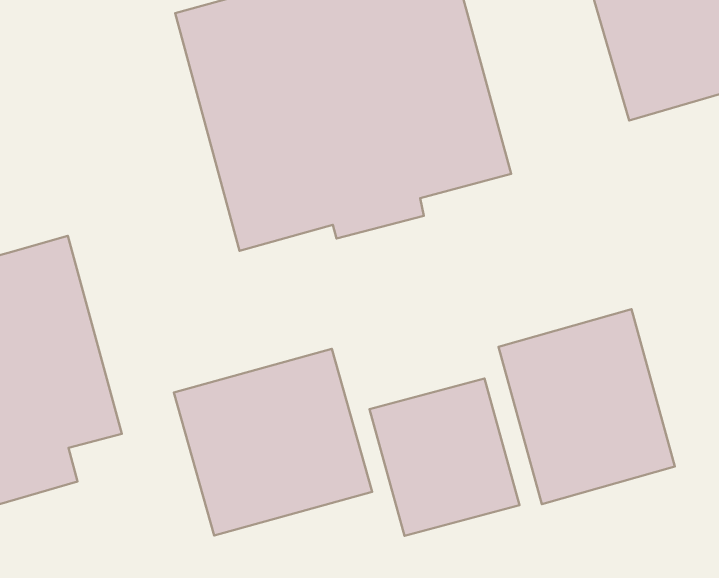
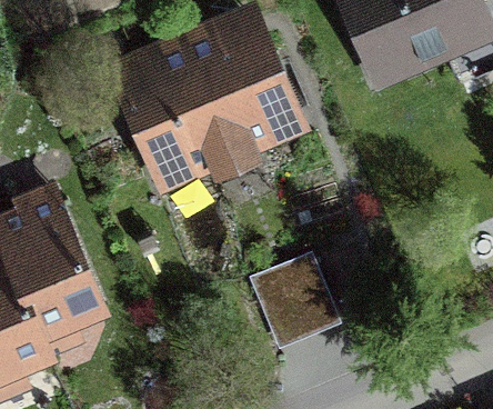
building: [498,309,675,504] -> none
building: [174,349,372,535] -> none

